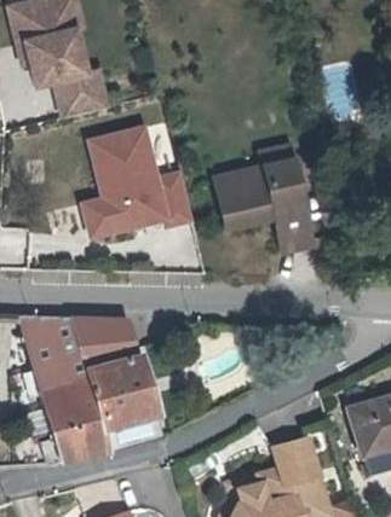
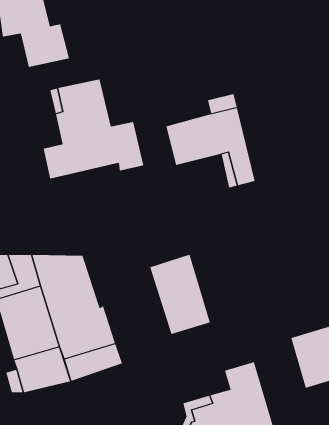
building: none -> [150,254,211,335]

